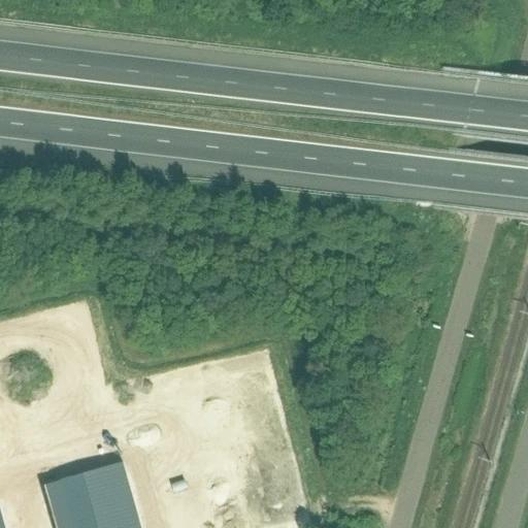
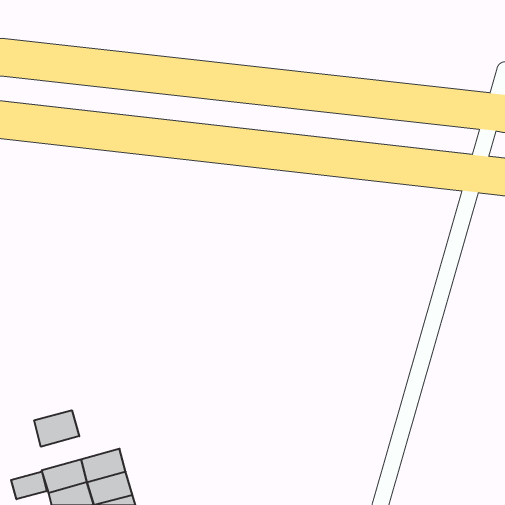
building: none -> [34,410,79,447]
building: none -> [11,471,47,499]

